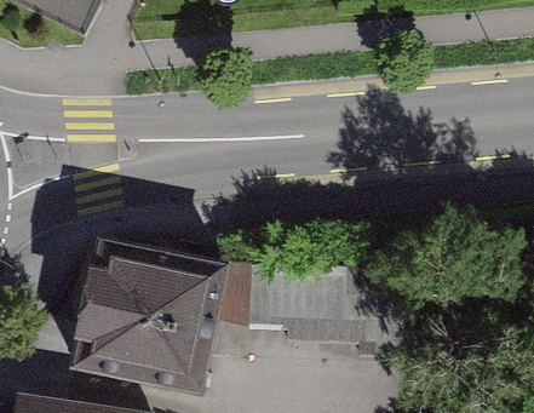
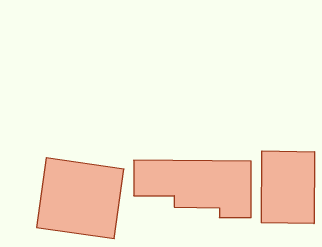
building: none -> [261,151,315,224]

